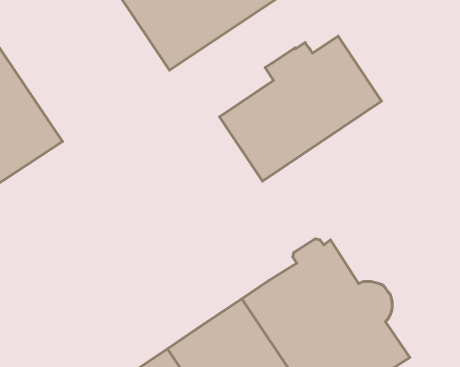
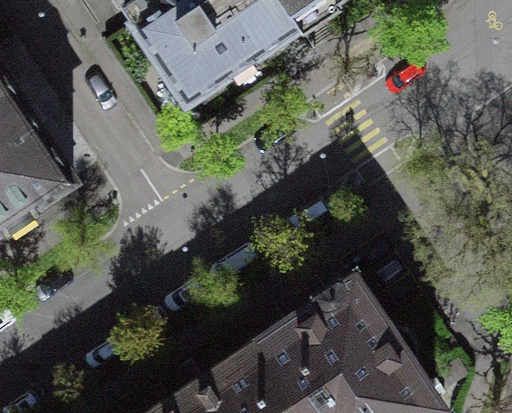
building: [219,36,382,181] -> none

